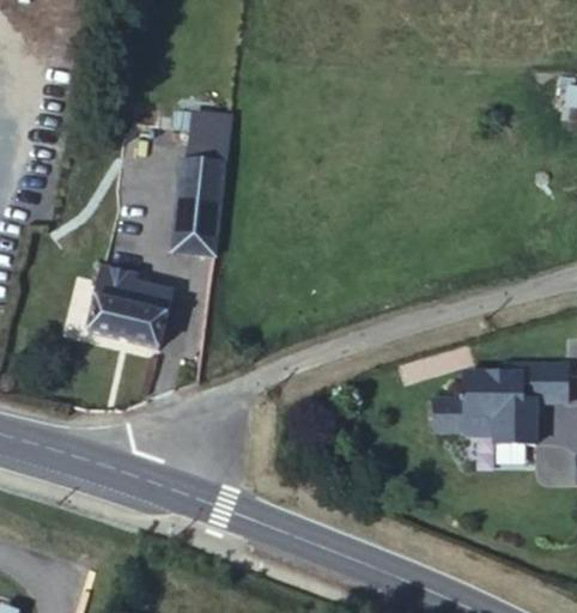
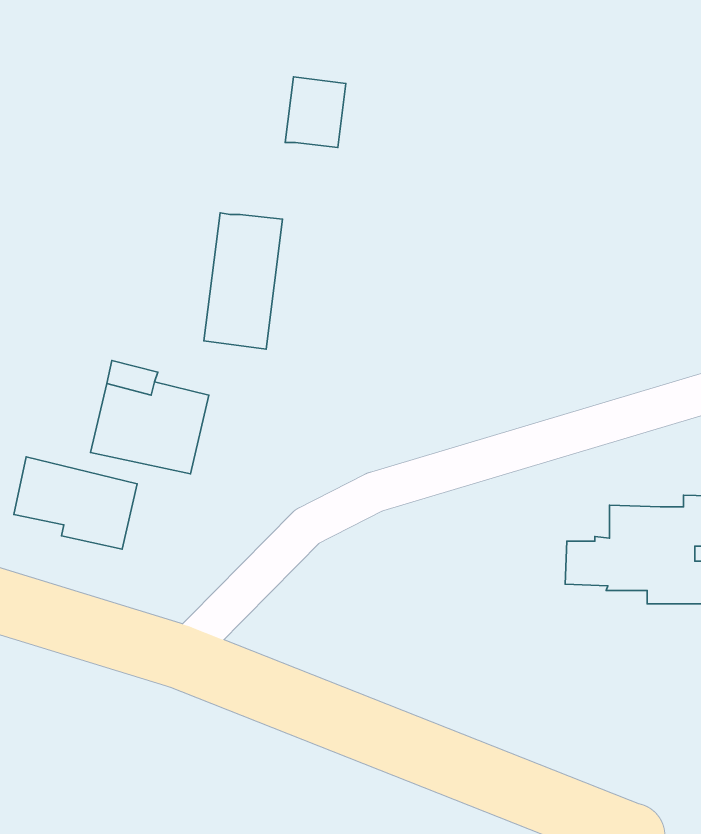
building: [189,110,233,162] -> [285,77,346,148]
building: none -> [14,457,137,549]

